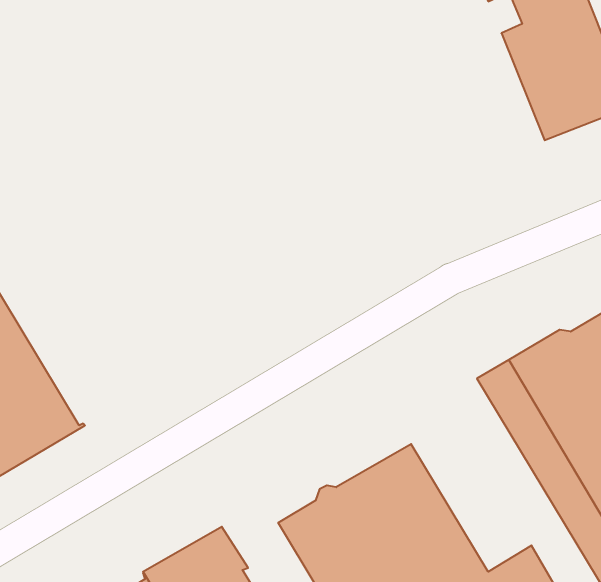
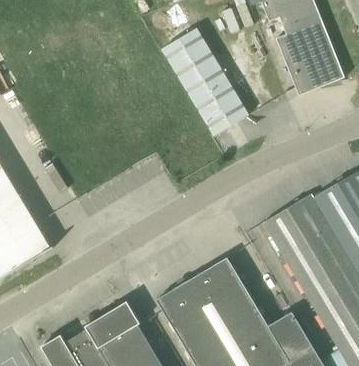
building: none -> [162,28,248,136]

